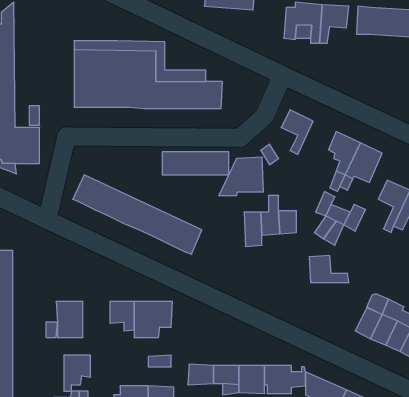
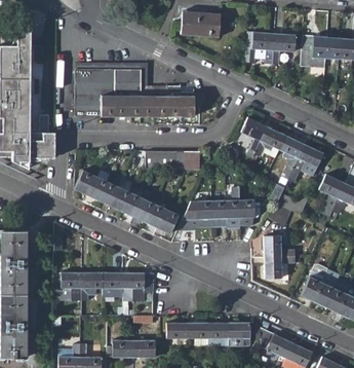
building: none -> [255,126,286,156]
building: [219,157,264,196] -> [178,199,213,230]
building: none -> [266,256,297,278]
building: [64,355,91,391] -> [83,271,105,300]

